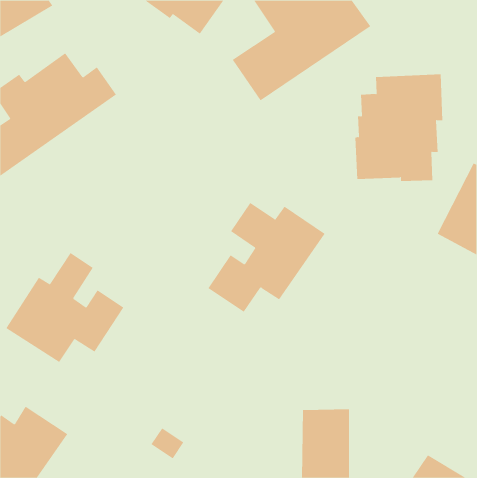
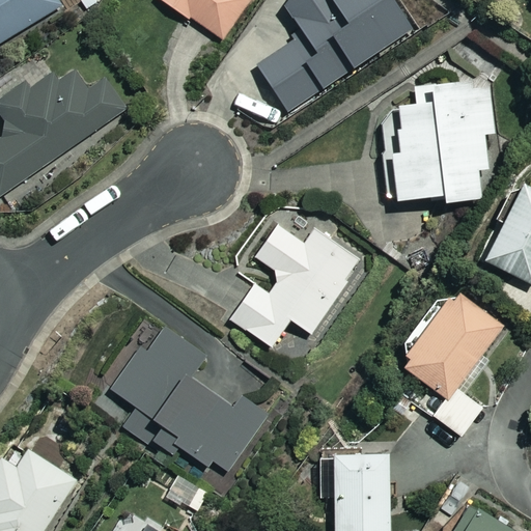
building: [5,252,124,363] -> none
building: none -> [402,290,503,436]
building: none -> [111,327,263,476]

